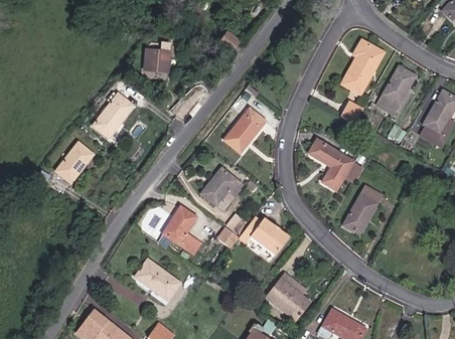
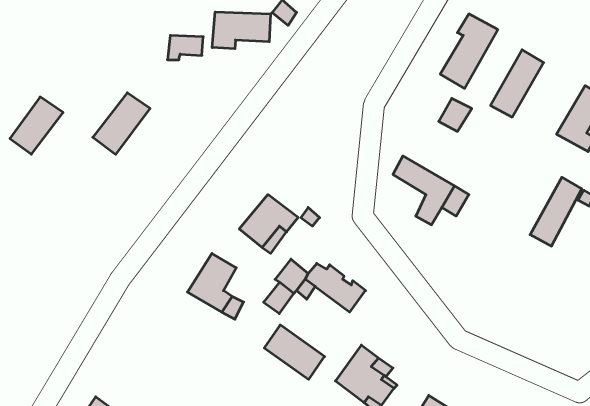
building: none -> [212,12,271,49]
building: [221,109,262,152] -> none
building: [60,146,98,186] -> [10,97,63,154]
building: [343,186,380,234] -> [530,177,582,246]
building: [140,263,182,301] -> [264,325,325,379]

